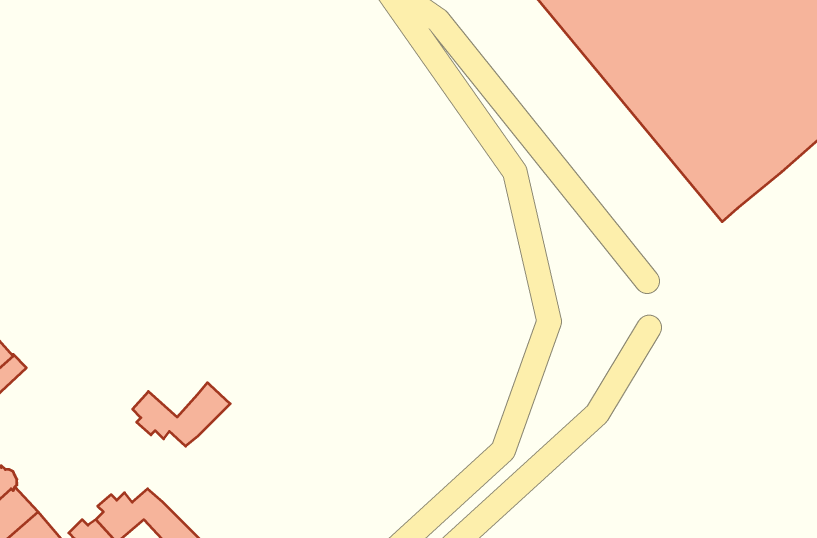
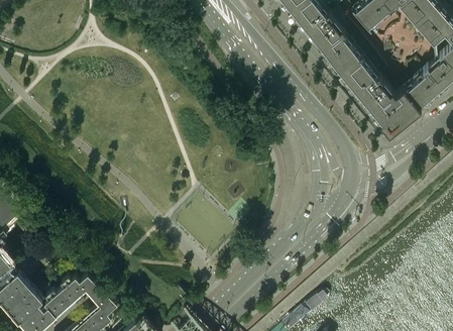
building: [133,383,230,446] -> none

